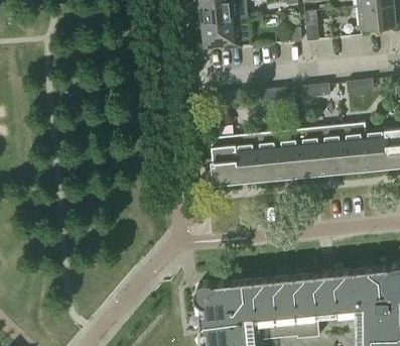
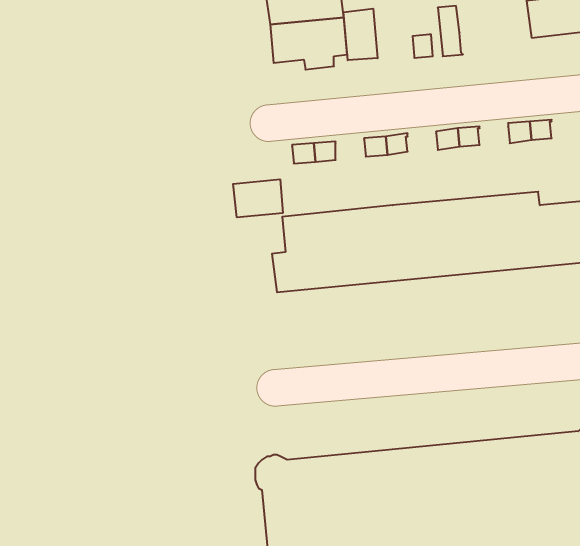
building: none -> [344,9,378,60]
building: none -> [233,179,283,217]

